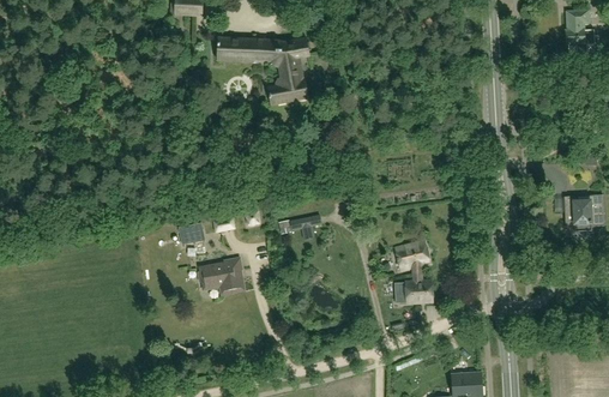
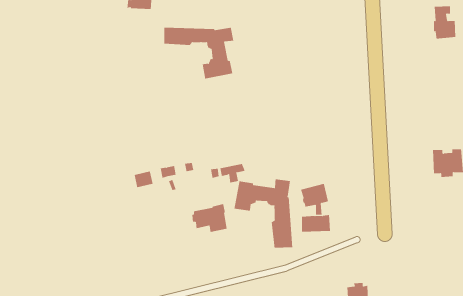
building: none -> [234,178,293,249]
building: [198,258,245,295] -> [191,204,228,232]

